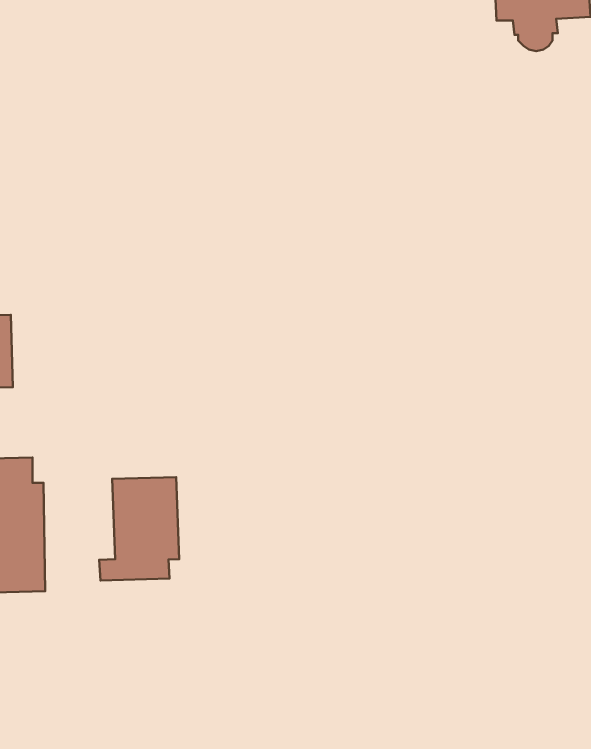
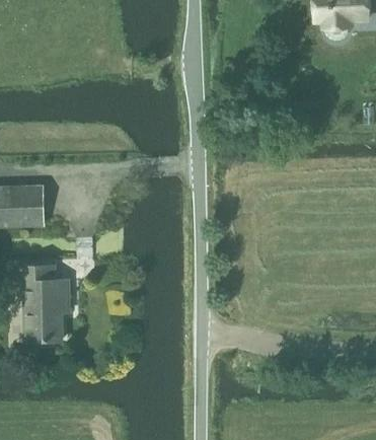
building: [99,477,179,580] -> none

